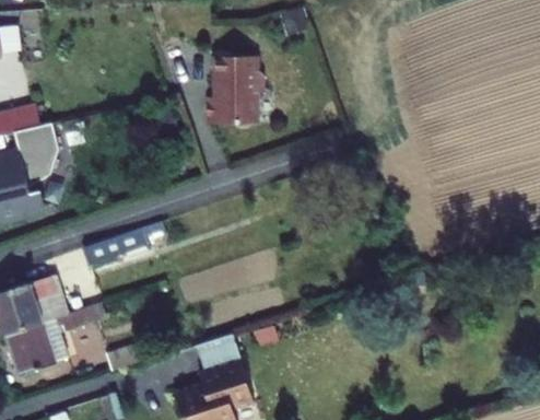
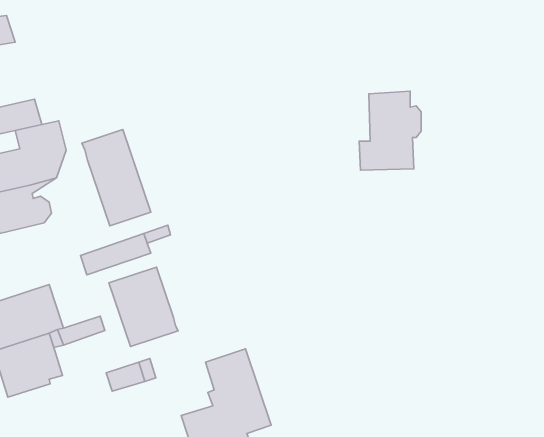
building: [214,54,270,125] -> [359,91,421,170]
building: none -> [82,130,151,226]
building: none -> [109,267,178,347]

